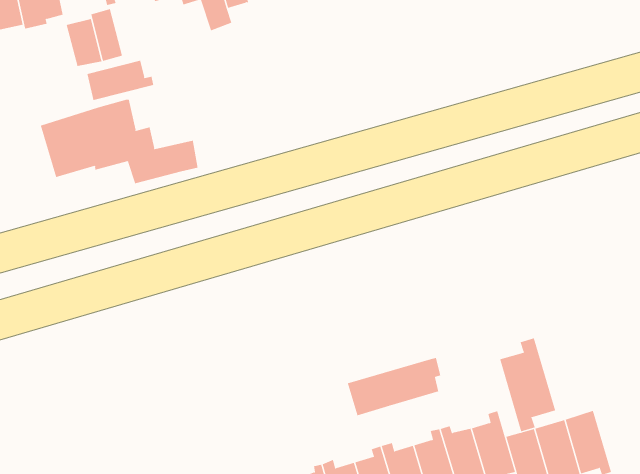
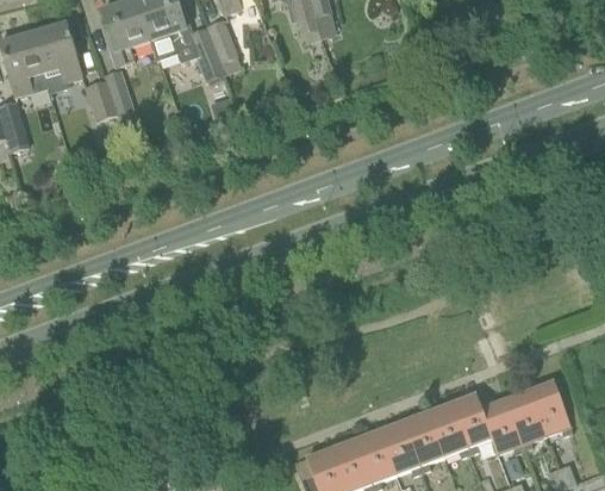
building: [87,60,154,101] -> none
building: [40,99,198,184] -> none
building: [500,338,556,432] -> none
building: [347,357,441,416] -> none

